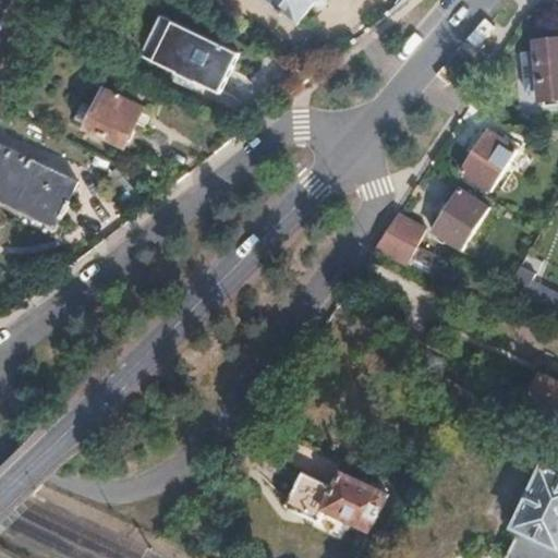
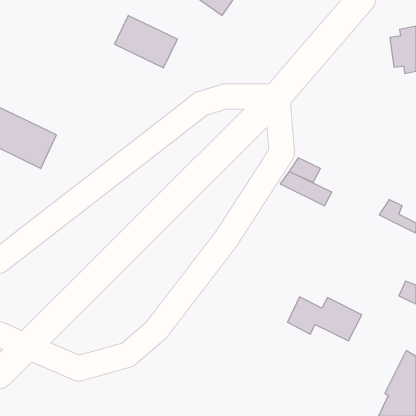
building: [72,88,138,143] -> none
building: [462,130,529,189] -> none
building: [434,189,489,248] -> none
building: [287,471,386,530] -> [287,297,362,341]

